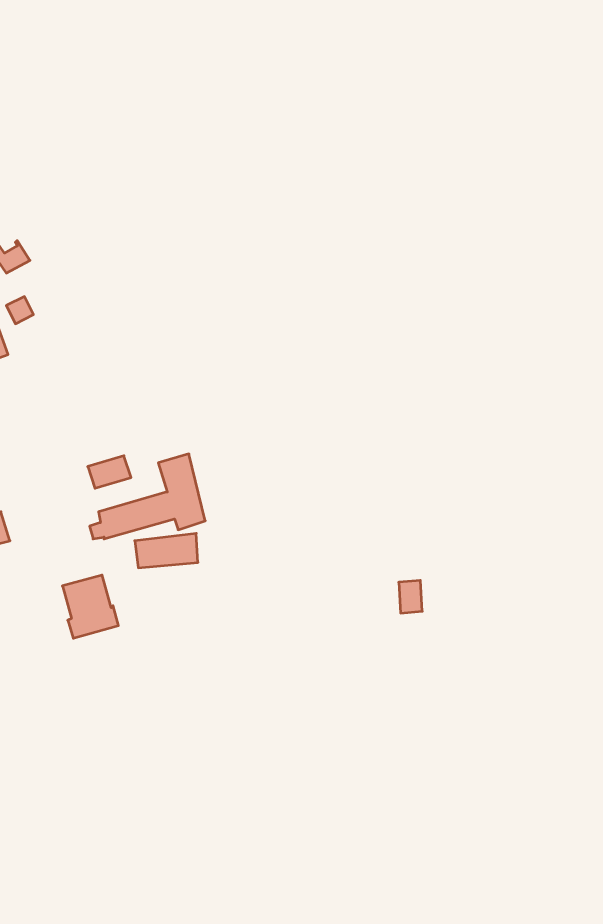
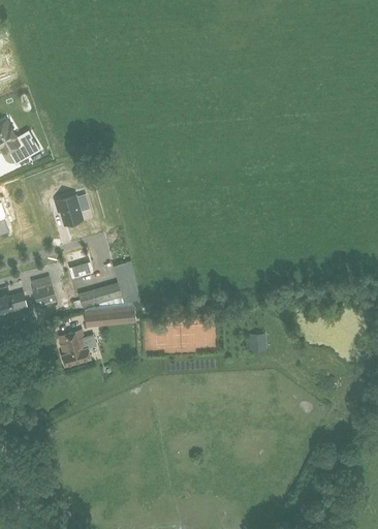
building: none -> [54,193,82,223]
building: none -> [30,274,56,306]

